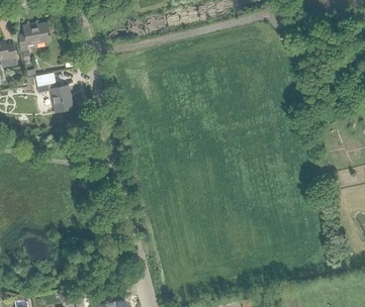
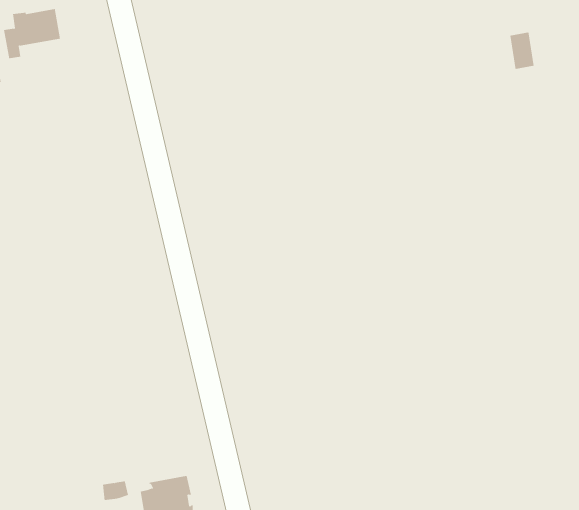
building: [36,81,73,111] -> none

